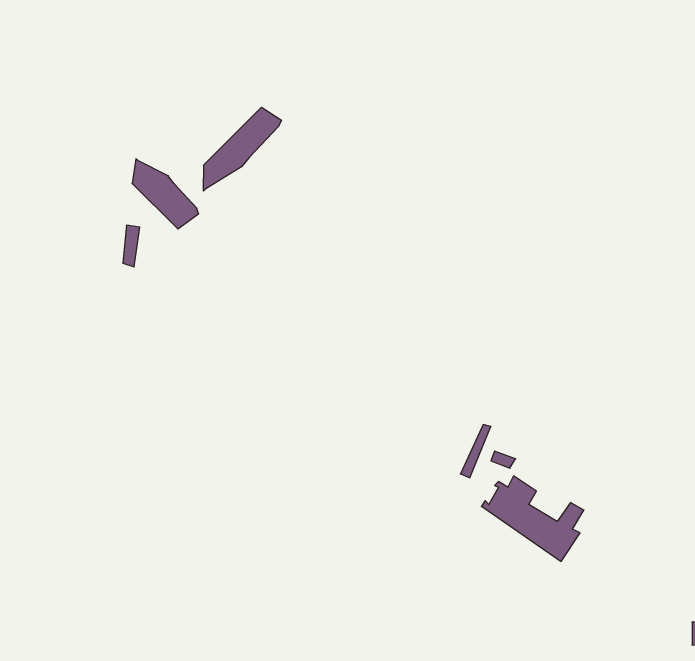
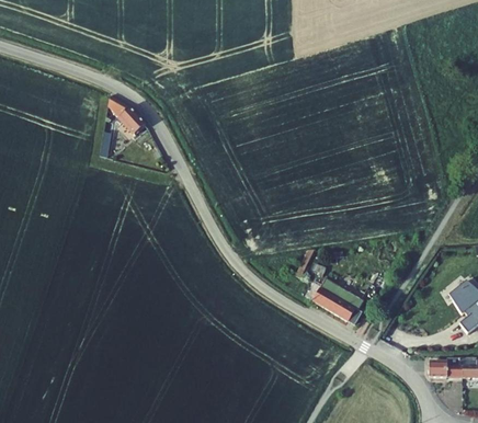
building: [204,107,281,191] -> none

